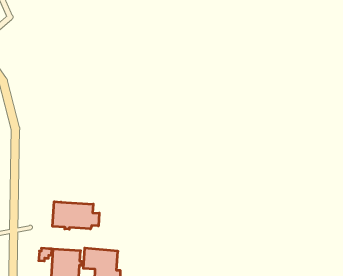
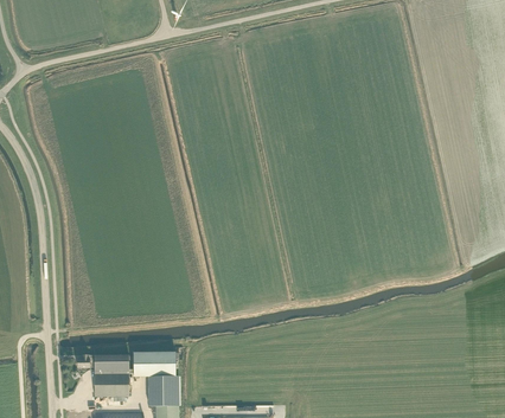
building: [53,202,99,229] -> none

